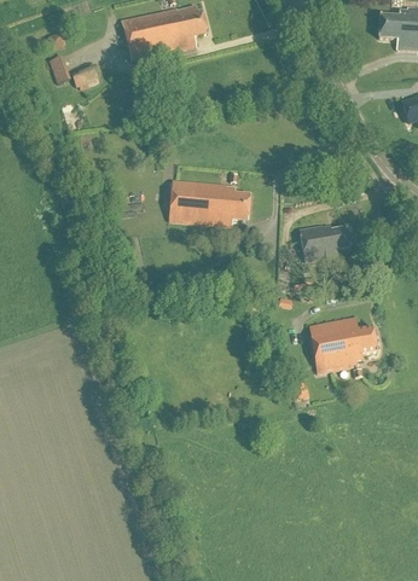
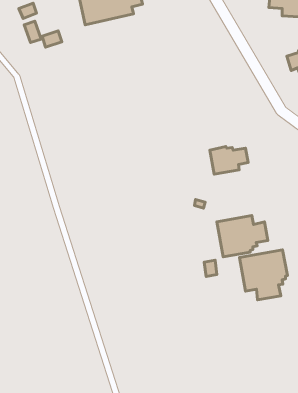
building: [168,179,249,226] -> none
building: none -> [239,250,287,300]

